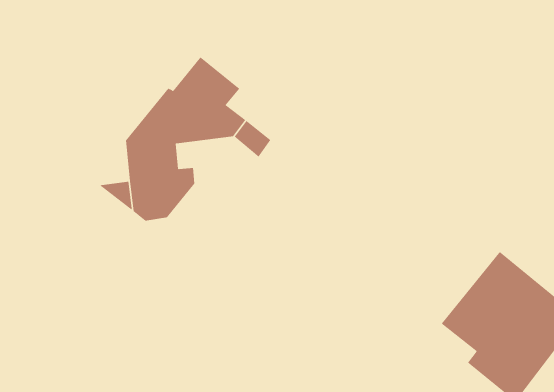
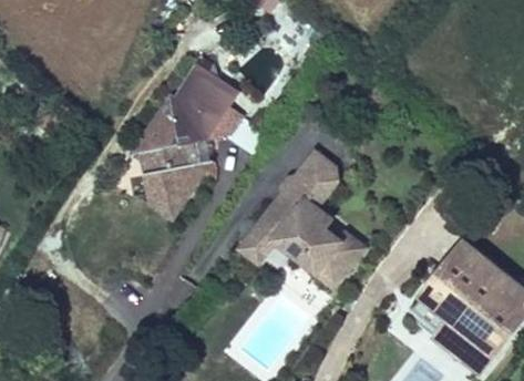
building: none -> [240,147,369,291]

